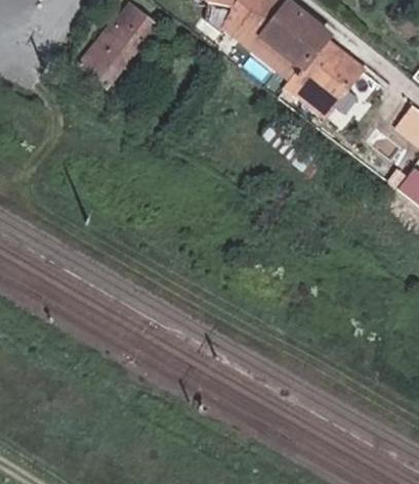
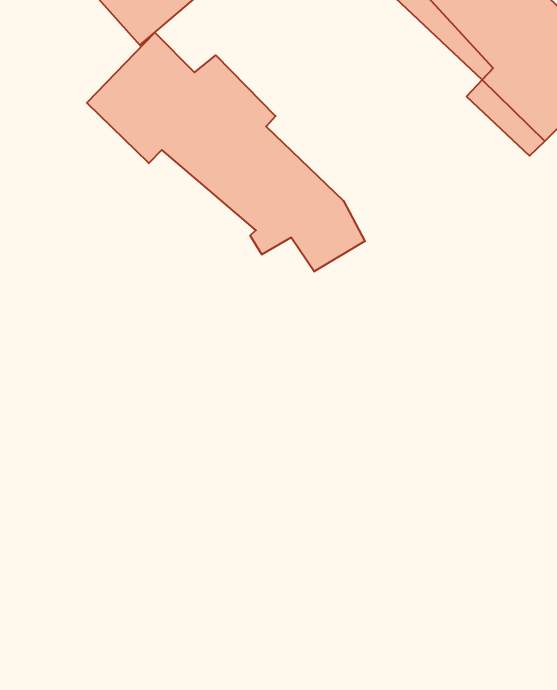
building: none -> [87,32,365,272]

